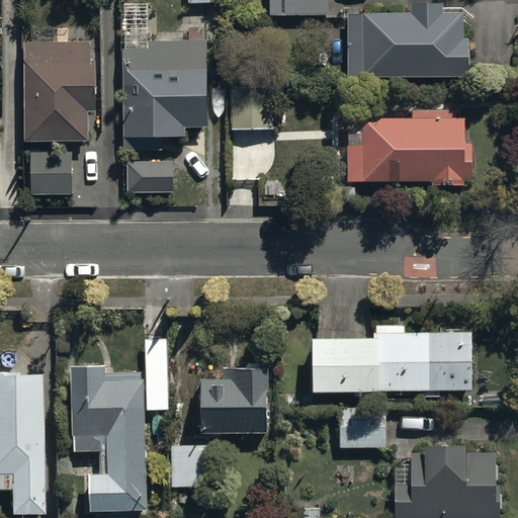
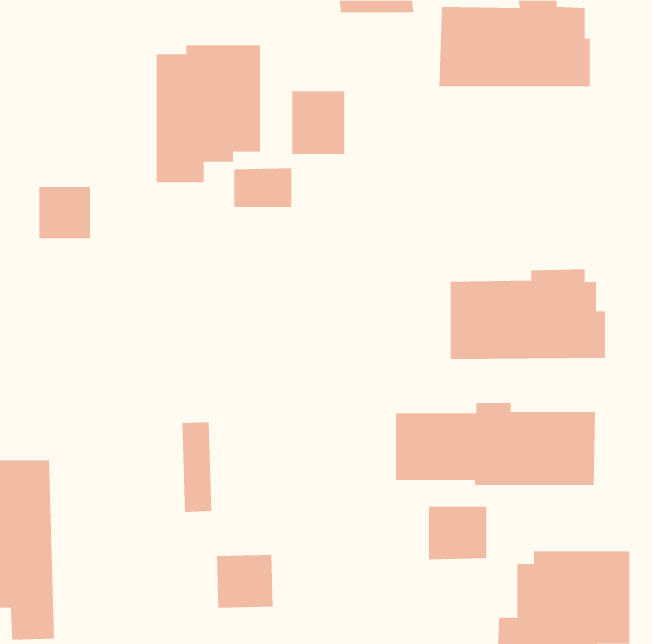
building: [25,42,94,140] -> none
building: [347,109,470,181] -> [450,269,606,360]
building: [126,168,173,199] -> [233,168,292,207]
building: [71,364,146,509] -> none
building: [199,364,269,432] -> none

